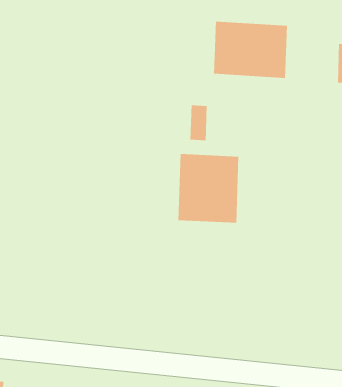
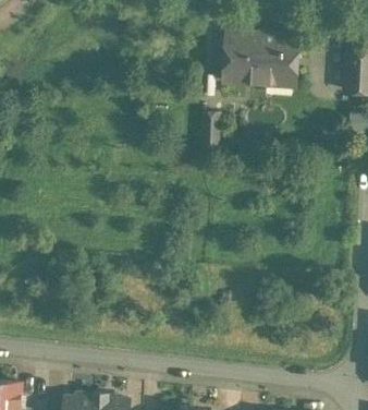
building: [178,153,239,224] -> none

